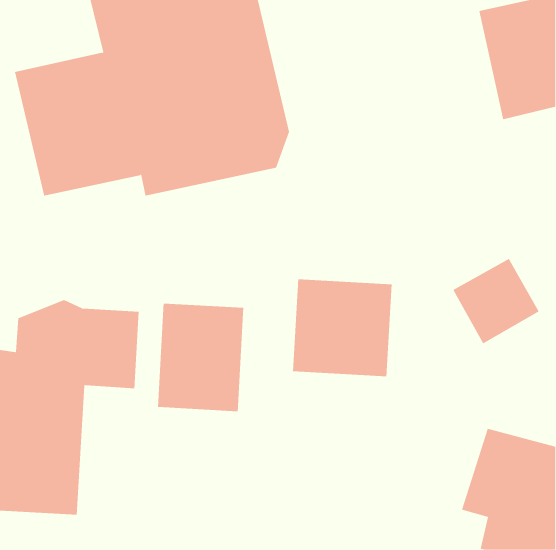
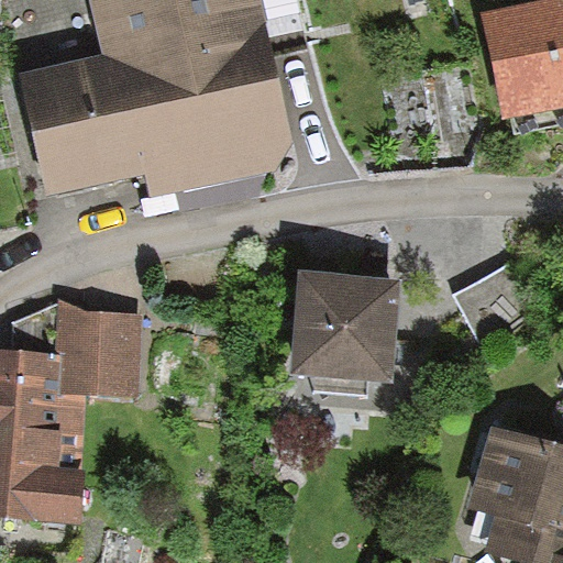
building: [157,303,244,412] -> none

